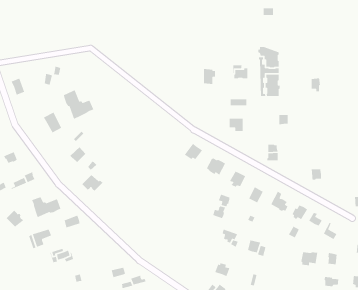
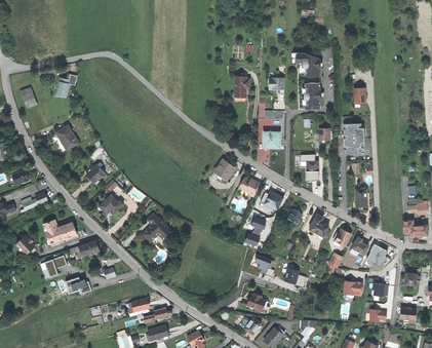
building: [63,89,95,120] -> none
building: none -> [342,123,363,153]
building: none -> [142,214,174,242]

